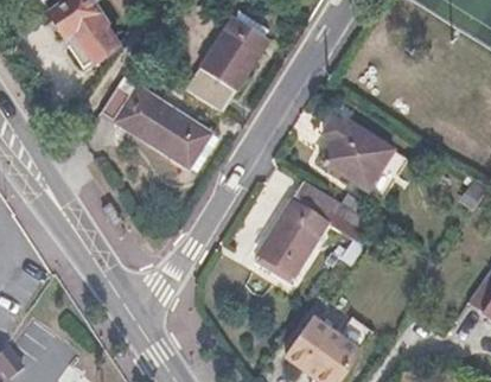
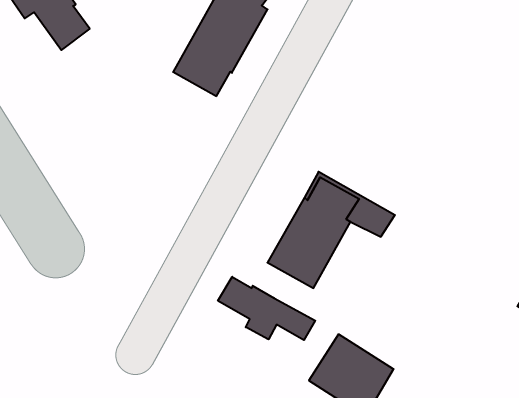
building: [100,77,211,168] -> none
building: [320,119,393,190] -> none
building: none -> [218,277,315,340]

